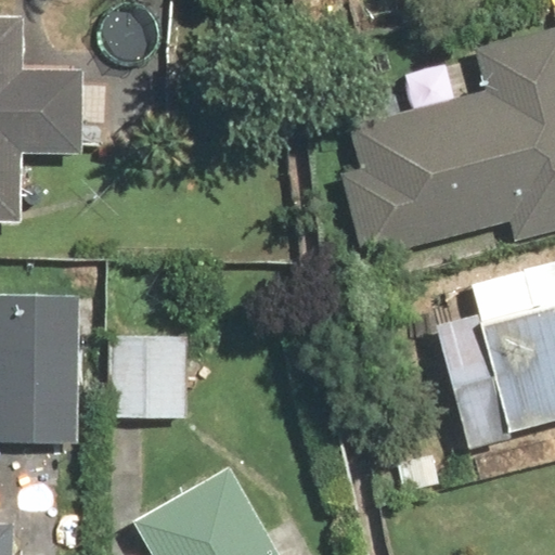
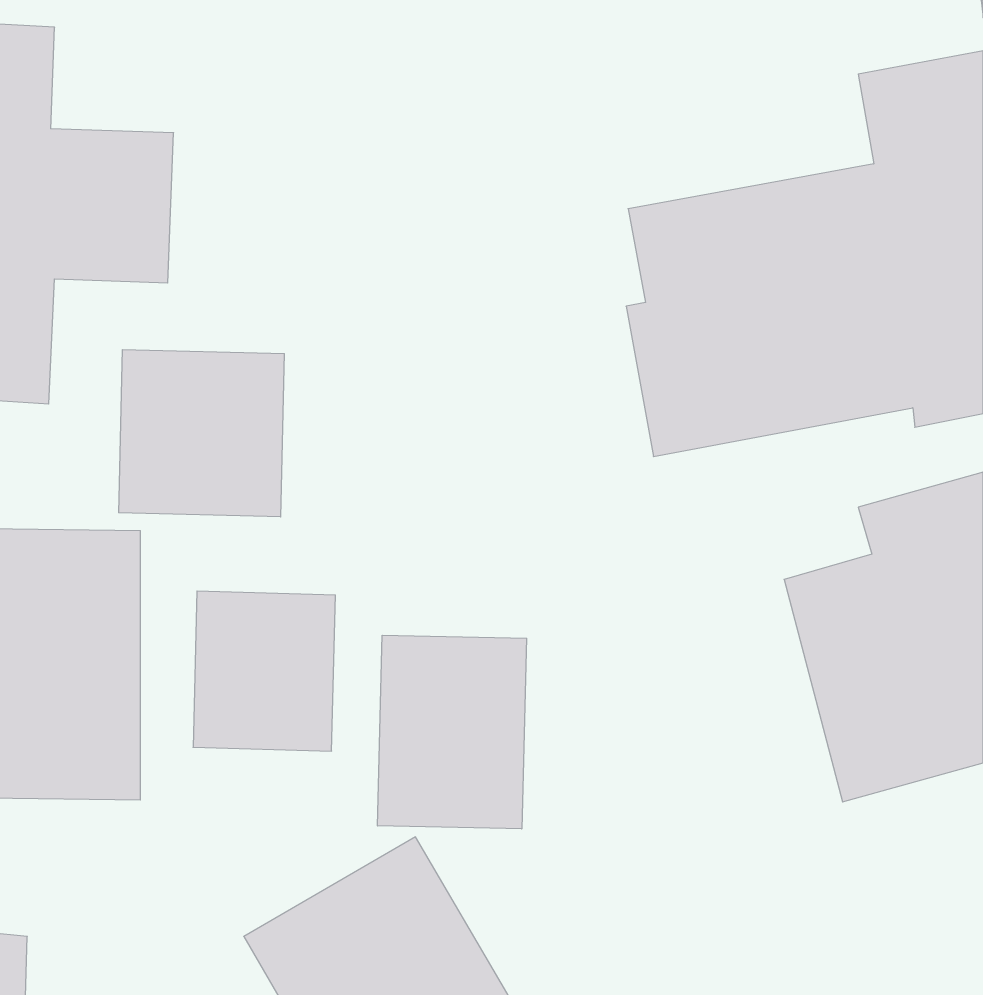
building: none -> [119,350,284,517]
building: none -> [378,635,527,829]

